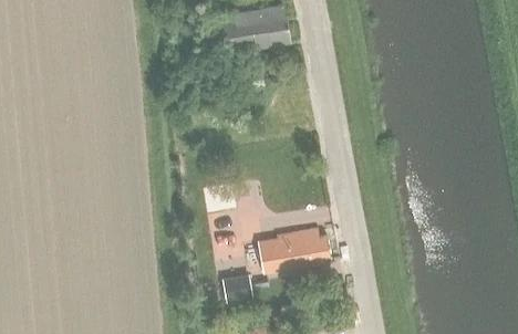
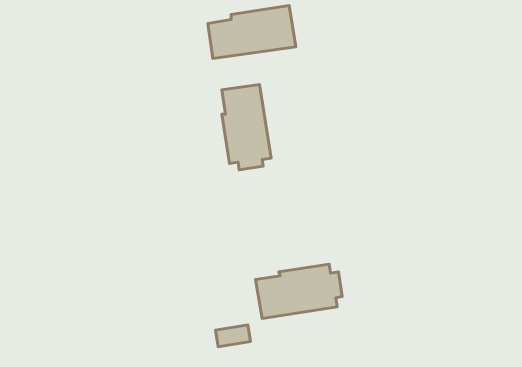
building: none -> [222,85,271,170]

